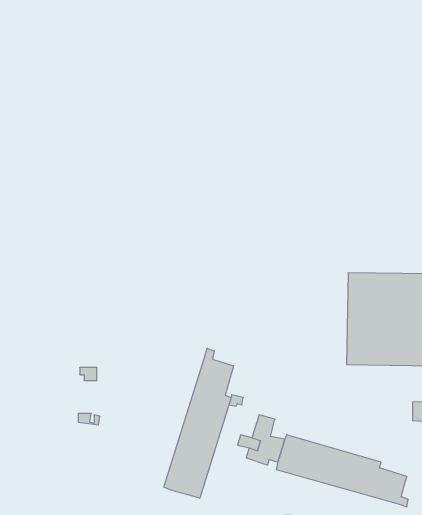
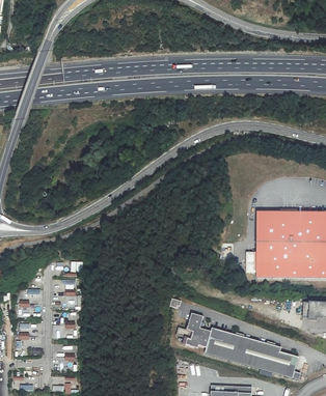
building: [164,348,234,498] -> none

